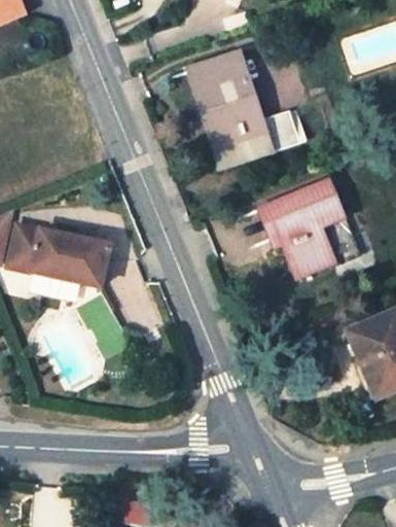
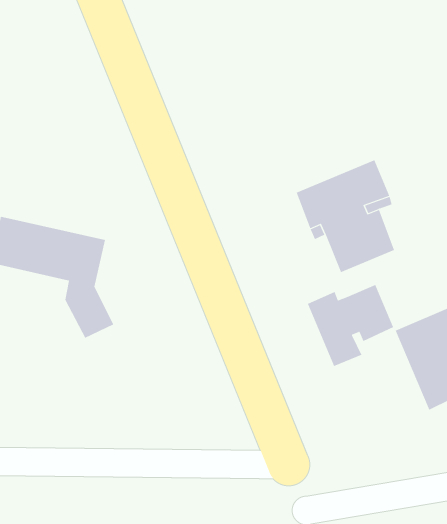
building: [190,51,299,165] -> none
building: none -> [307,284,394,367]

